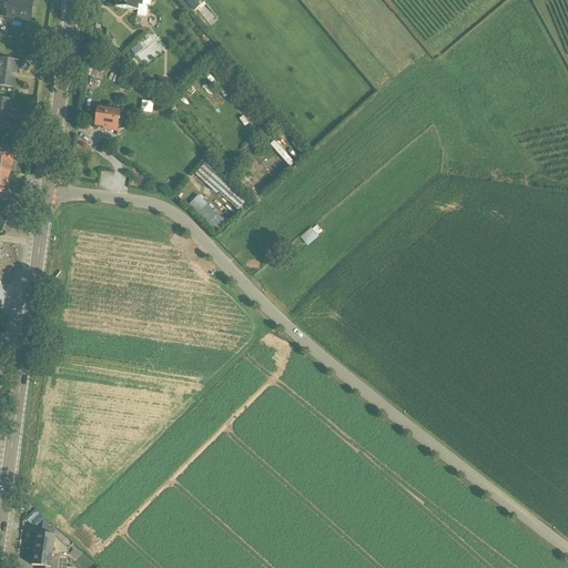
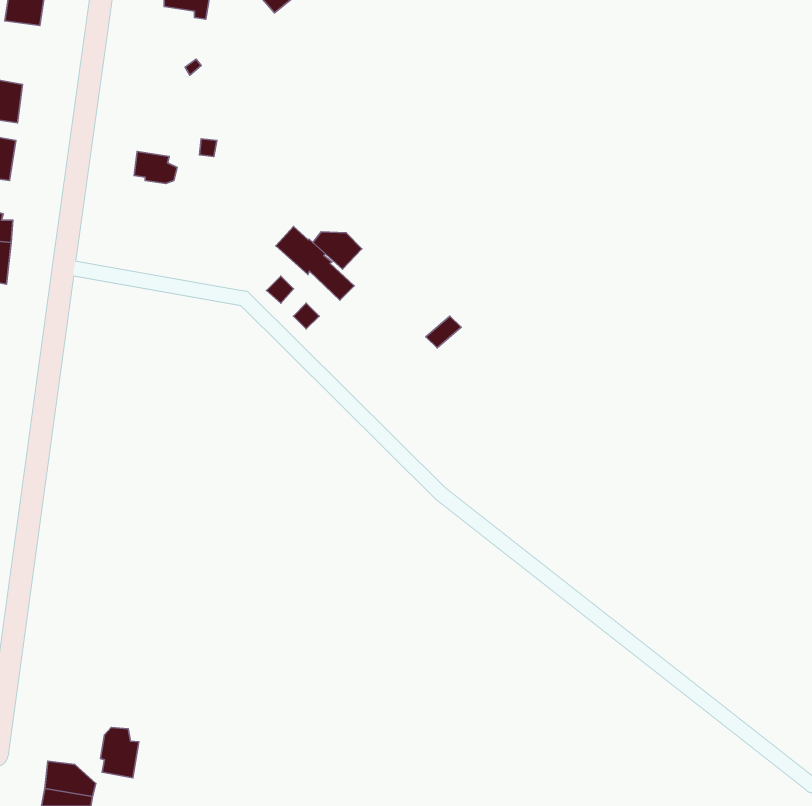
building: none -> [313,232,362,269]
building: none -> [101,728,139,778]

